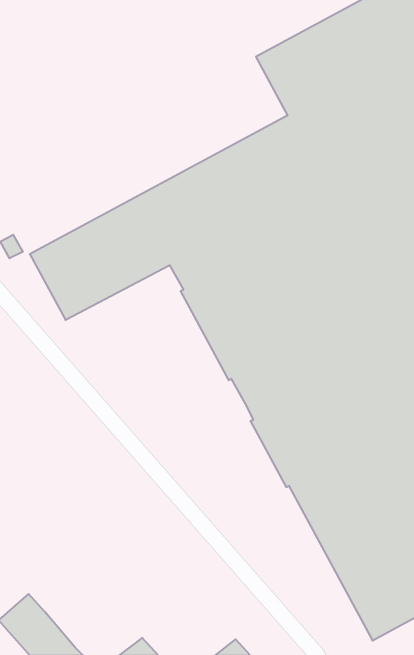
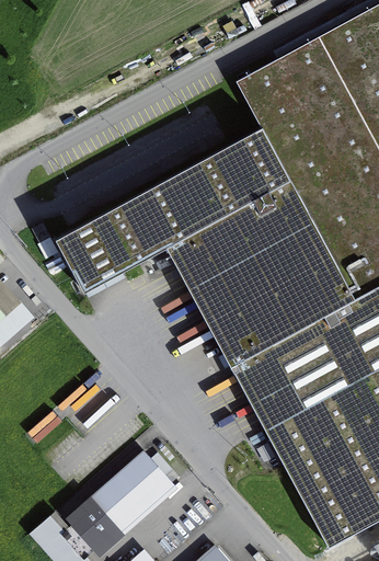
building: none -> [68,450,179,553]

